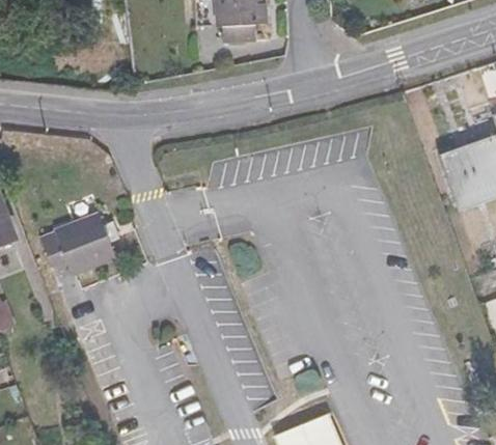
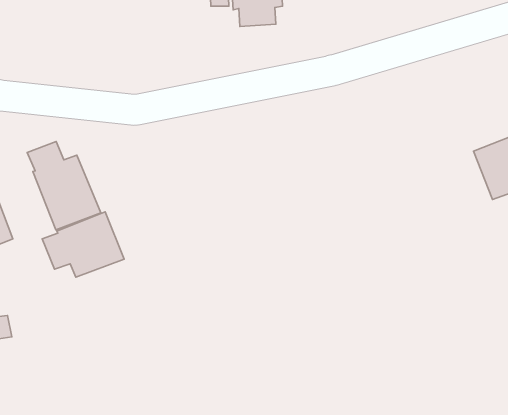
building: none -> [27,141,101,230]

